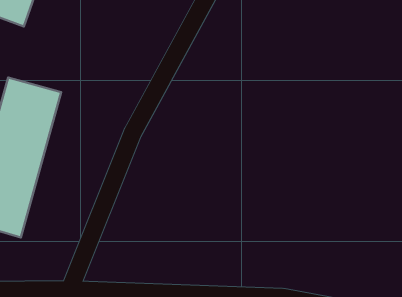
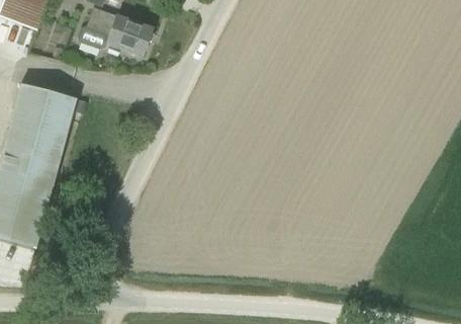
building: none -> [80,7,154,56]

